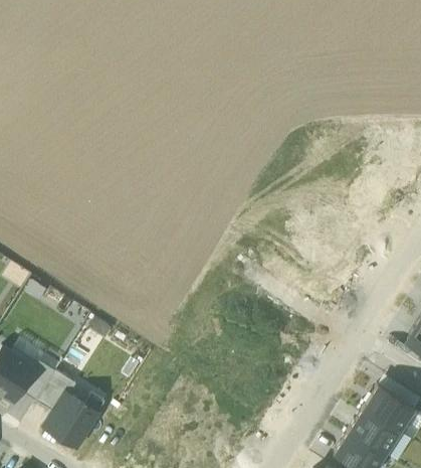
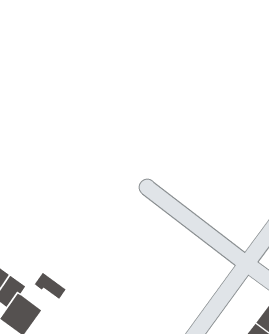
building: none -> [34,272,66,300]

